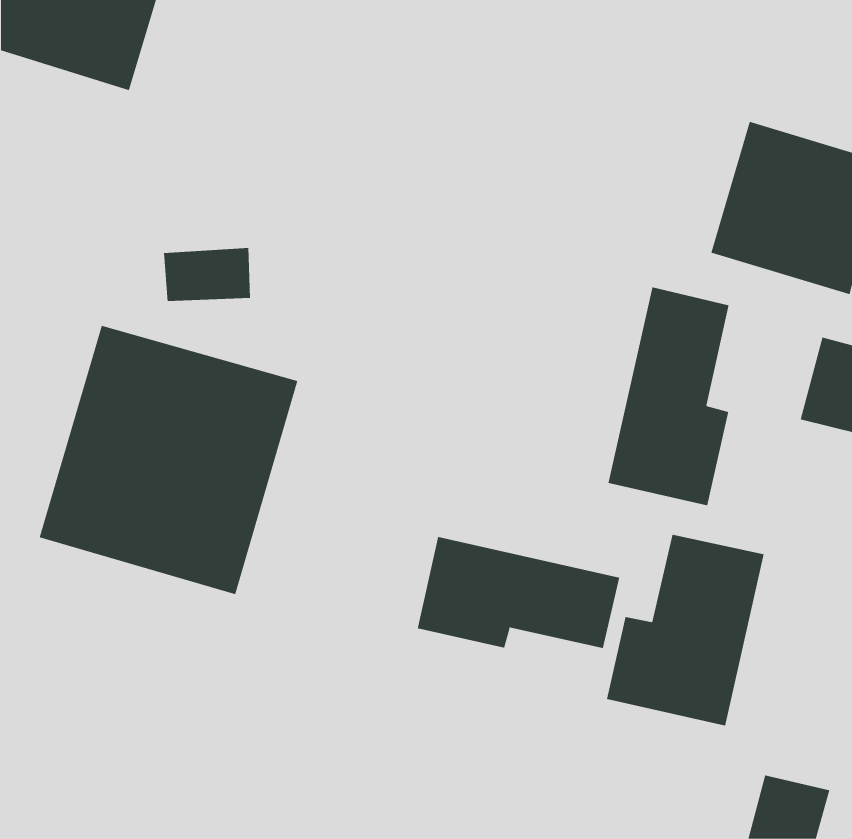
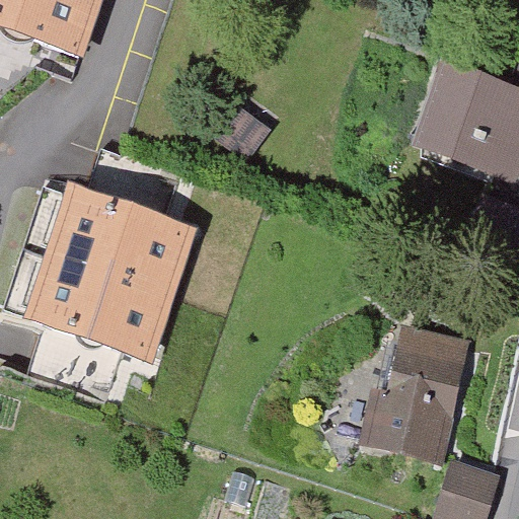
building: [608,287,729,506] -> none
building: [417,536,620,649] -> none

